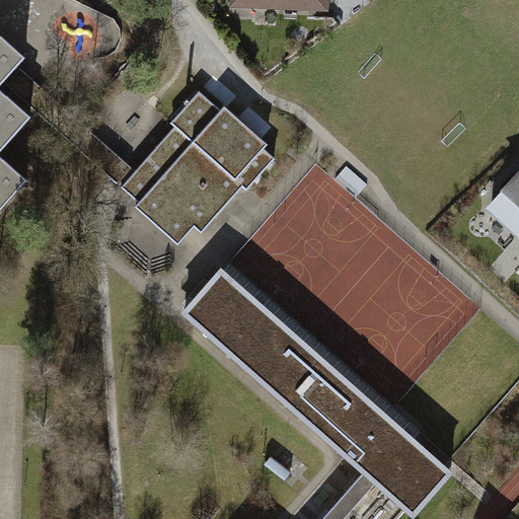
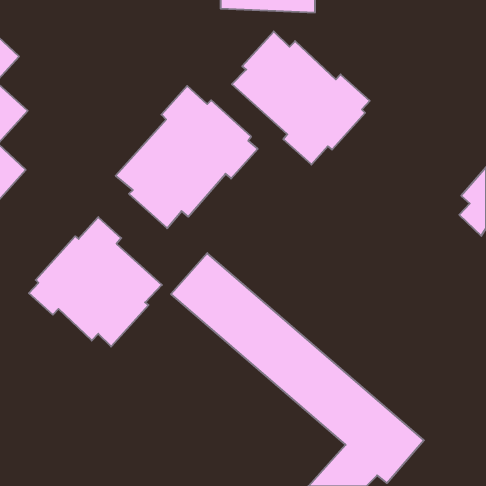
building: none -> [232,31,370,165]
building: none -> [29,217,162,347]

